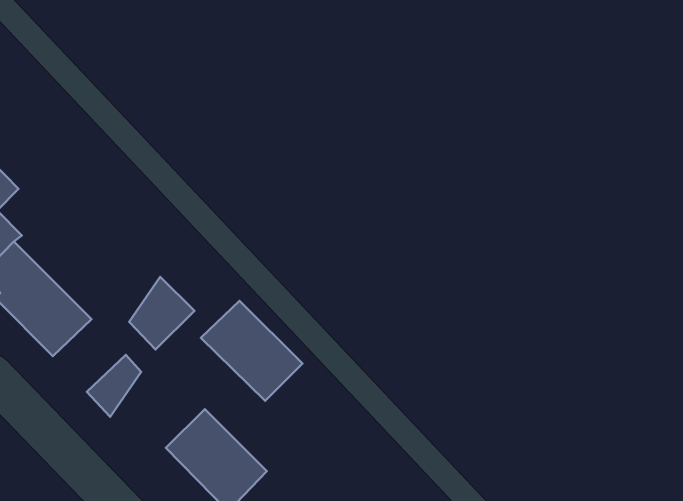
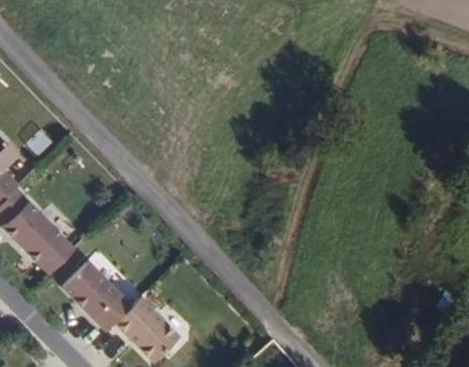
building: [129,277,194,350] -> [81,276,123,324]
building: [201,301,302,401] -> none

